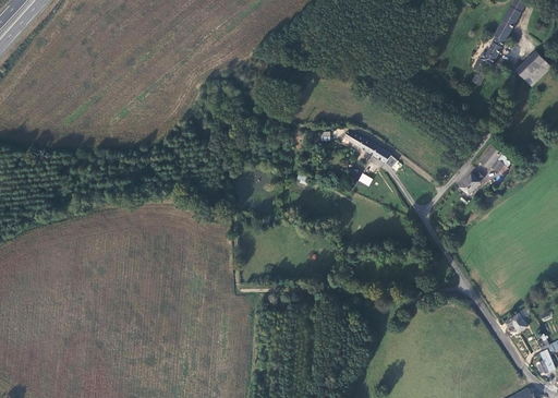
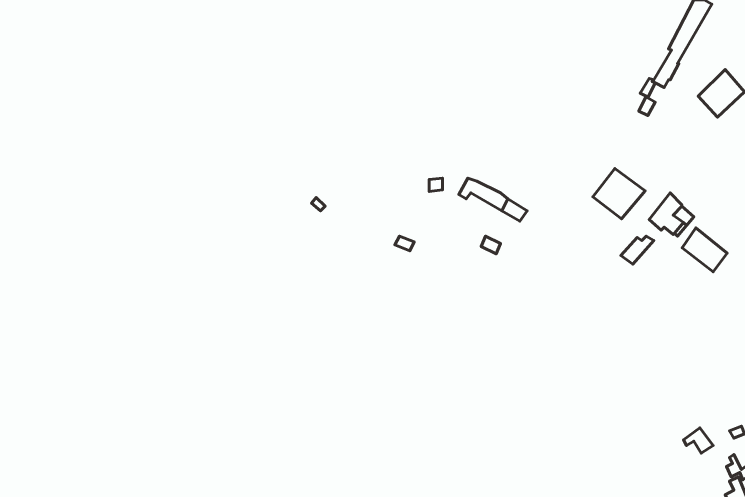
building: none -> [593,169,645,219]
building: none -> [682,228,727,272]

